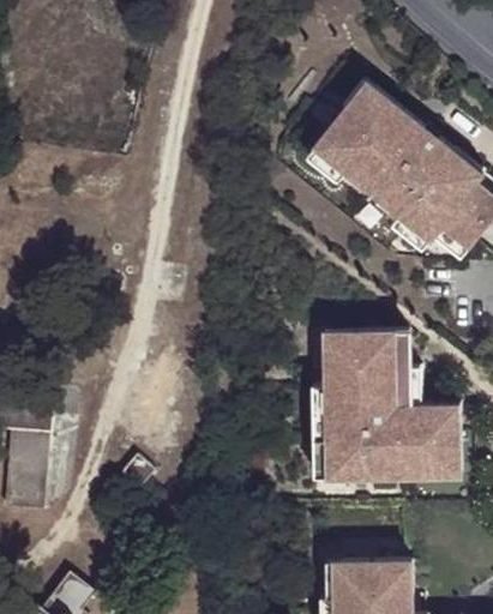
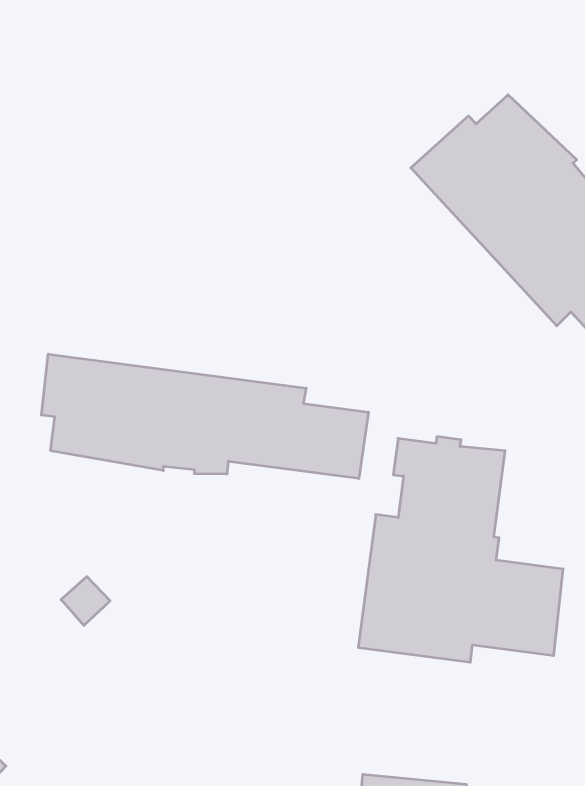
building: none -> [41,354,368,479]

